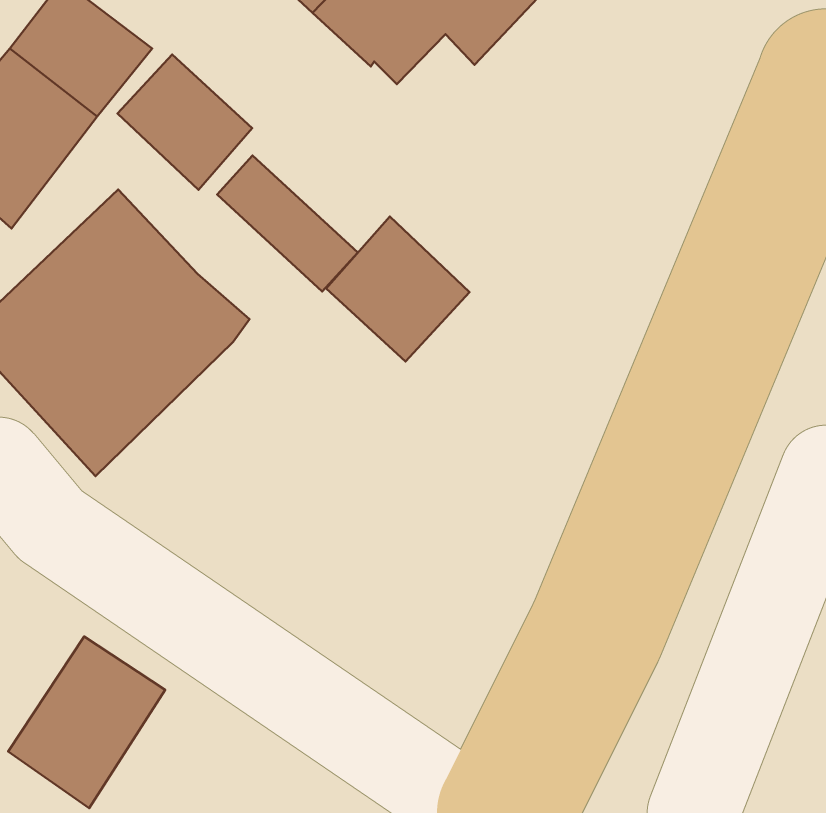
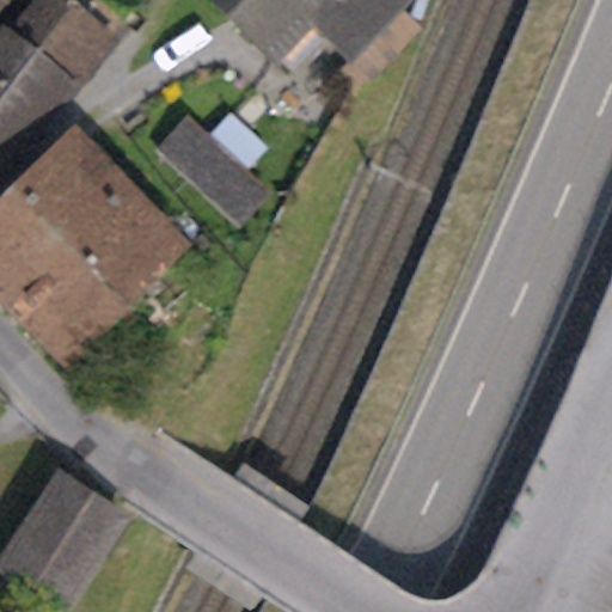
building: [118,54,252,190] -> none
building: [326,217,469,361] -> none

